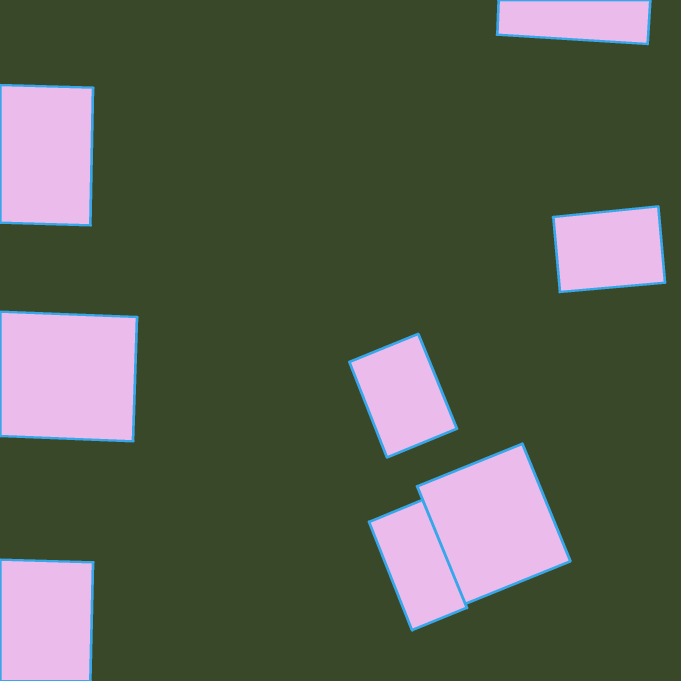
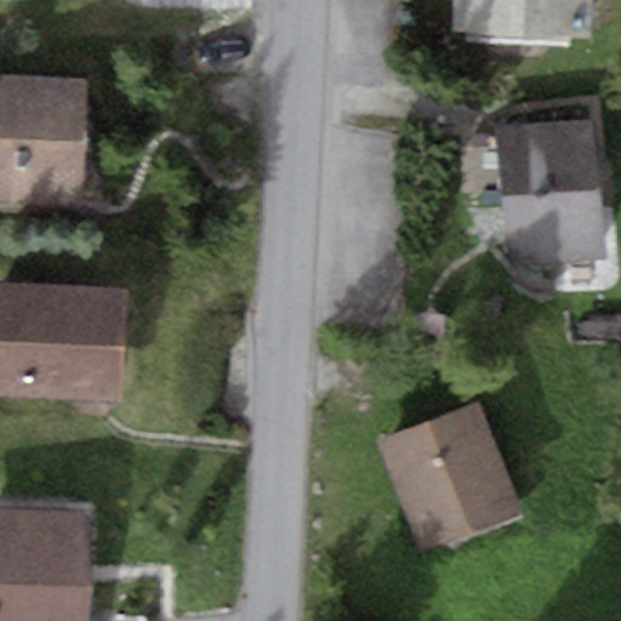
building: none -> [496,120,599,198]
building: [349,334,457,457] -> none
building: [369,500,467,630] -> none

